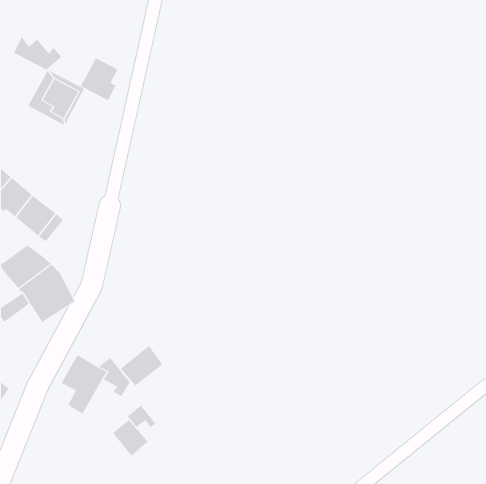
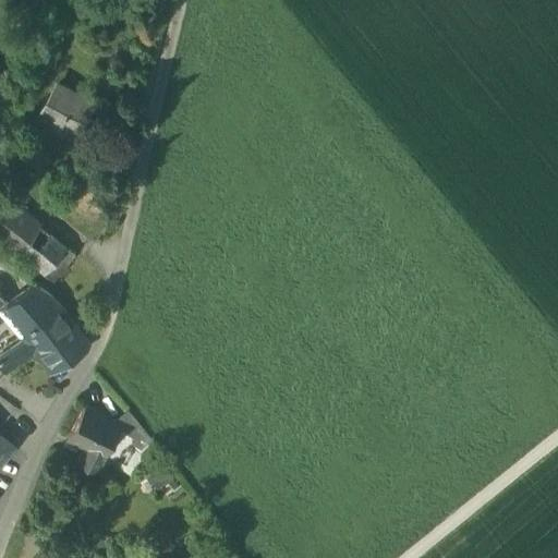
building: [13,36,62,71] -> none
building: [80,57,118,101] -> none
building: [120,345,163,387] -> none
building: [112,419,149,456] -> none

